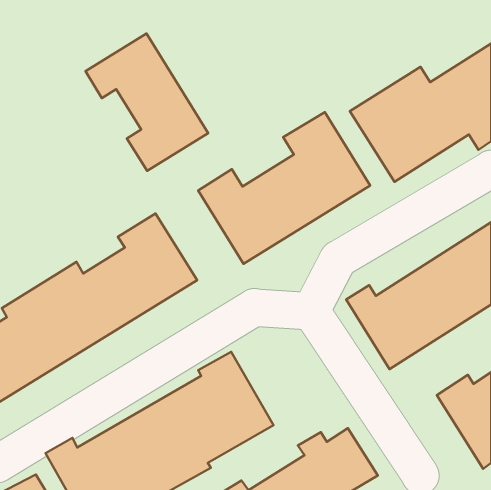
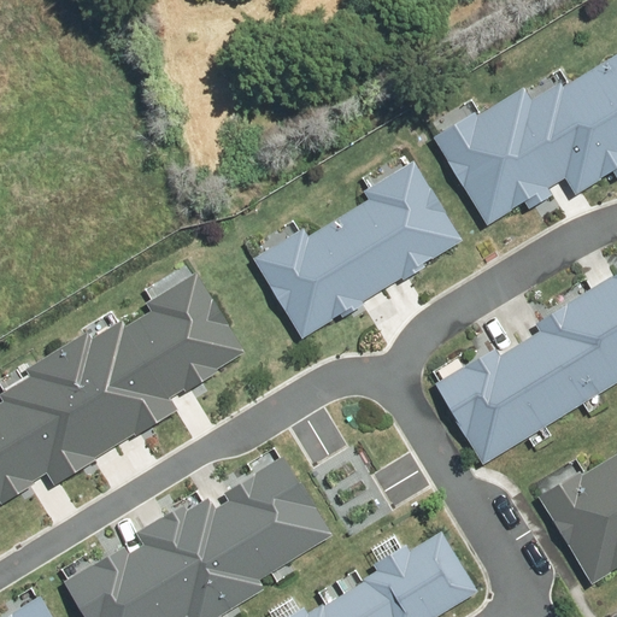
building: [86,34,208,171] -> none

